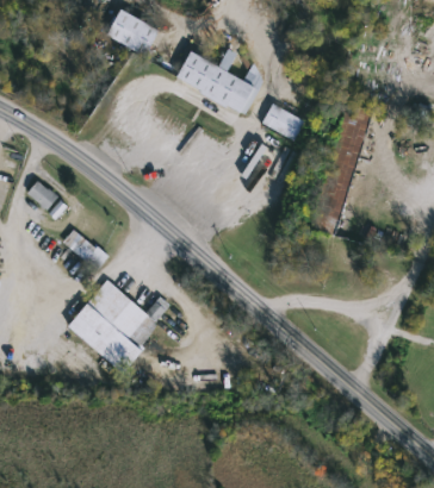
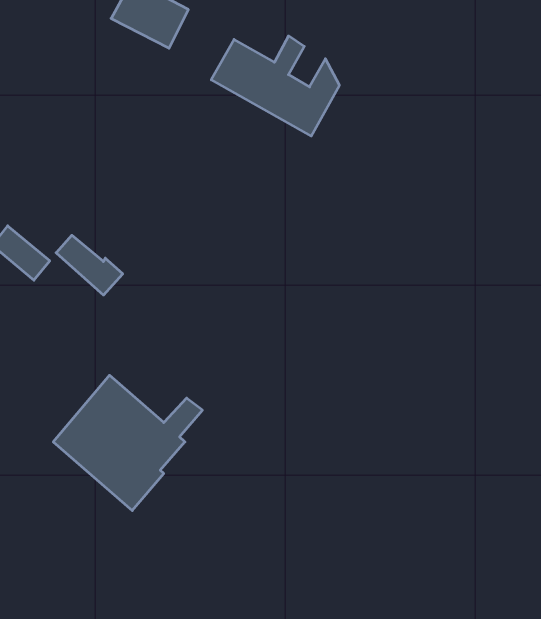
building: [311,104,370,238] -> none
building: [261,105,305,143] -> none
building: [63,227,108,268] -> [56,235,123,295]

